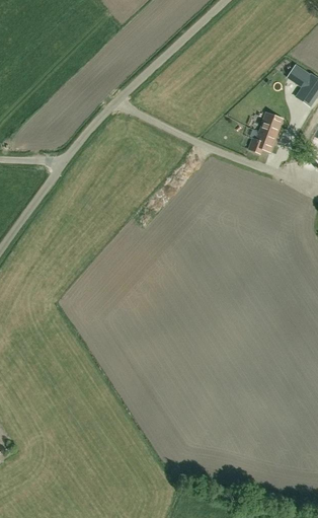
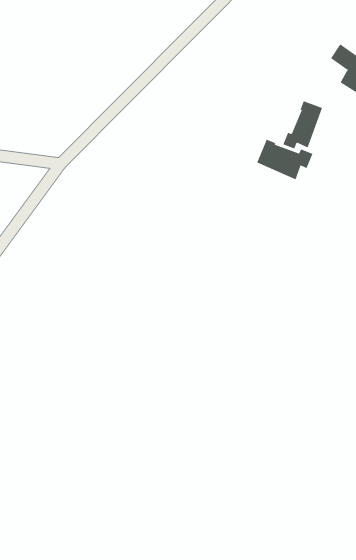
building: none -> [257,139,313,180]

